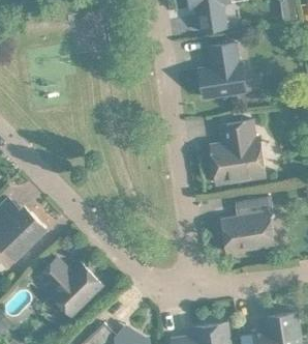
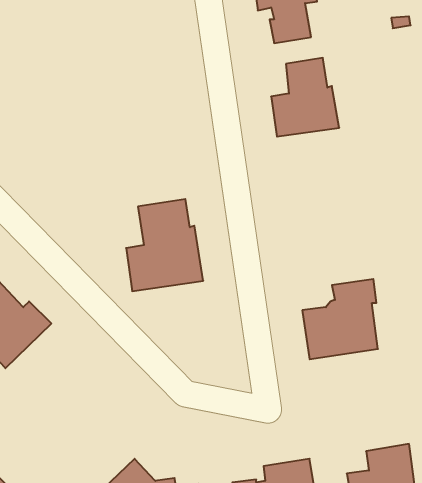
building: [210,120,264,184] -> [126,199,203,291]
building: [37,259,100,316] -> none

